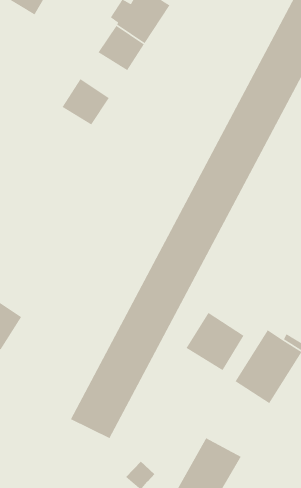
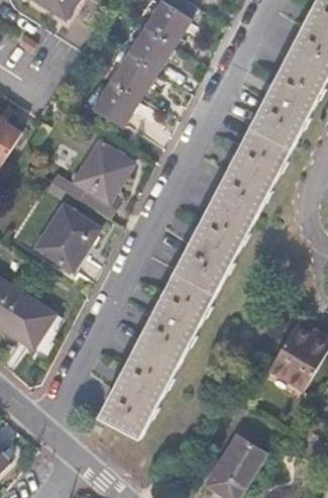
building: none -> [109,55,155,99]
building: none -> [72,141,132,204]
building: none -> [35,206,99,273]
building: [186,312,244,371] -> none

